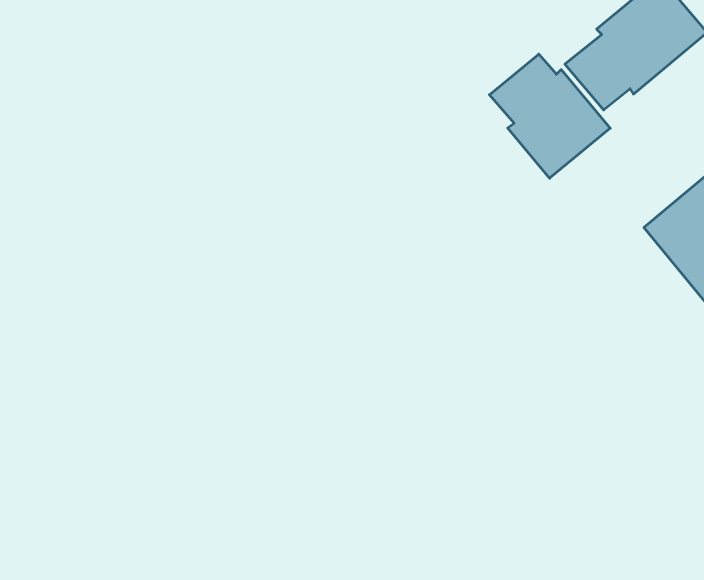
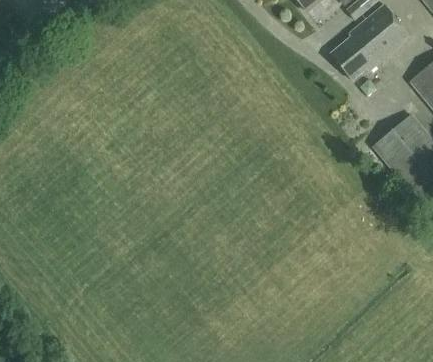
building: [489,54,610,178] -> none

